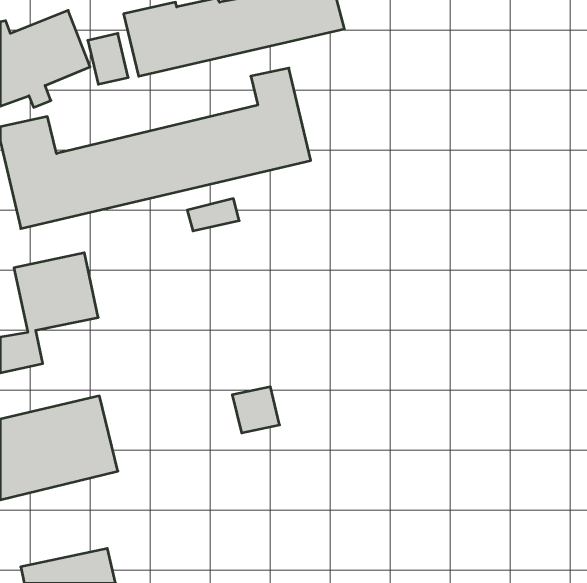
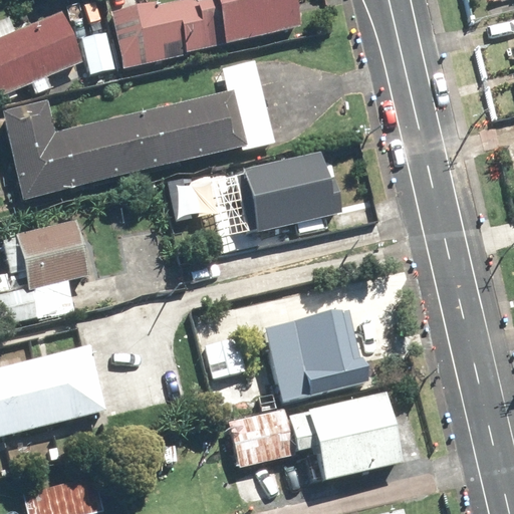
building: none -> [211,149,340,237]
building: none -> [263,305,368,403]
building: none -> [227,392,402,482]

